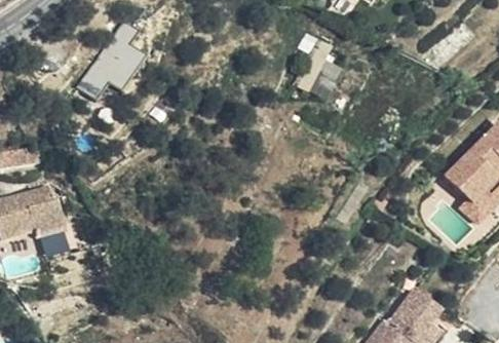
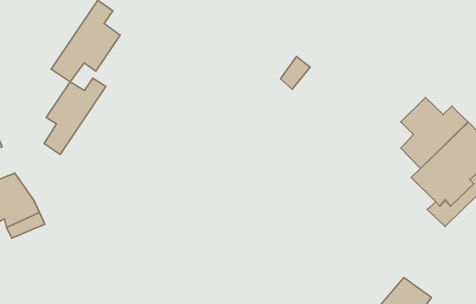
building: none -> [44,78,106,154]
building: none -> [401,98,468,168]

